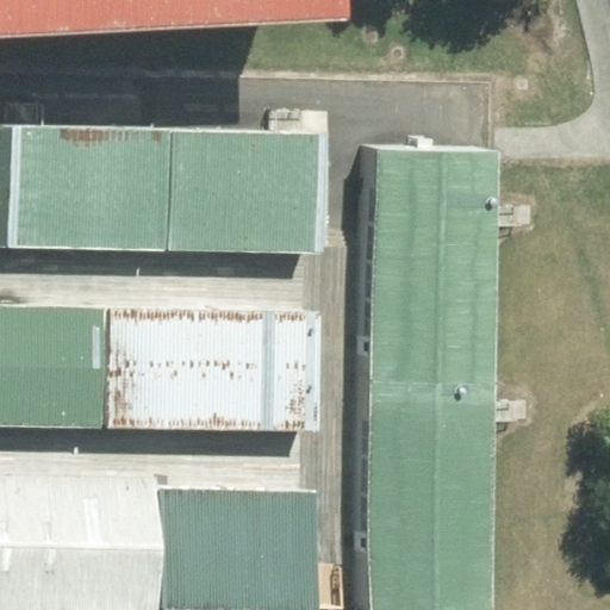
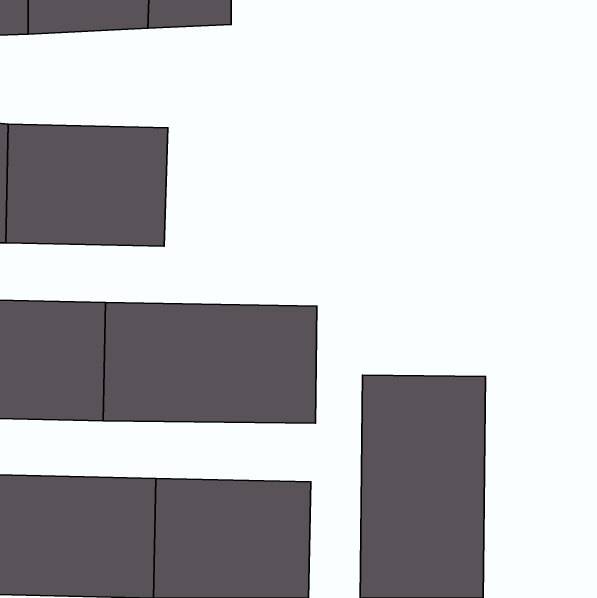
building: [167,130,316,254] -> none
building: [368,147,499,382] -> none

